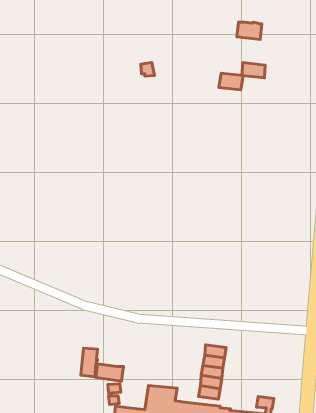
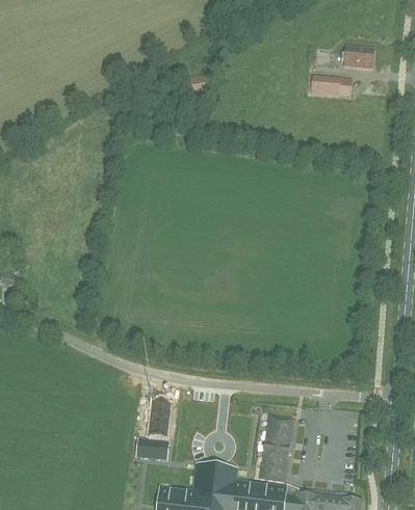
building: [237,22,262,39] -> [345,48,375,69]
building: [219,73,243,90] -> none
building: [81,348,97,377] -> [147,402,166,436]

